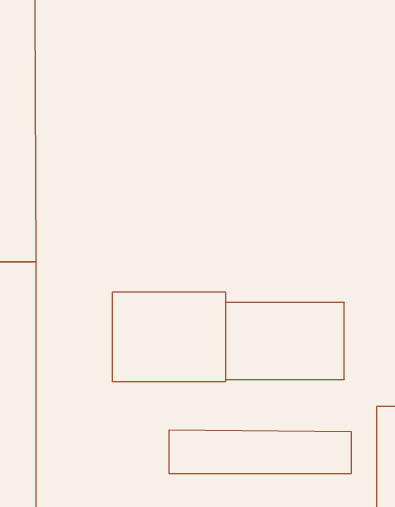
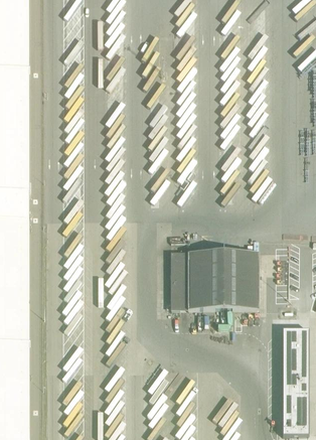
building: [113,292,225,382] -> none
building: [169,430,351,474] -> none

